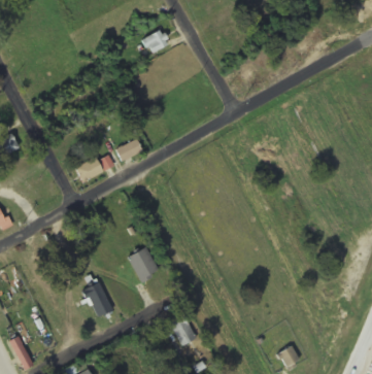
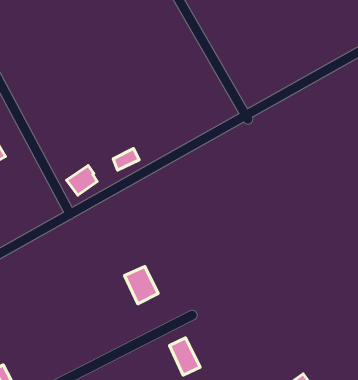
building: [141,28,169,53] -> none
building: [82,281,114,316] -> none

